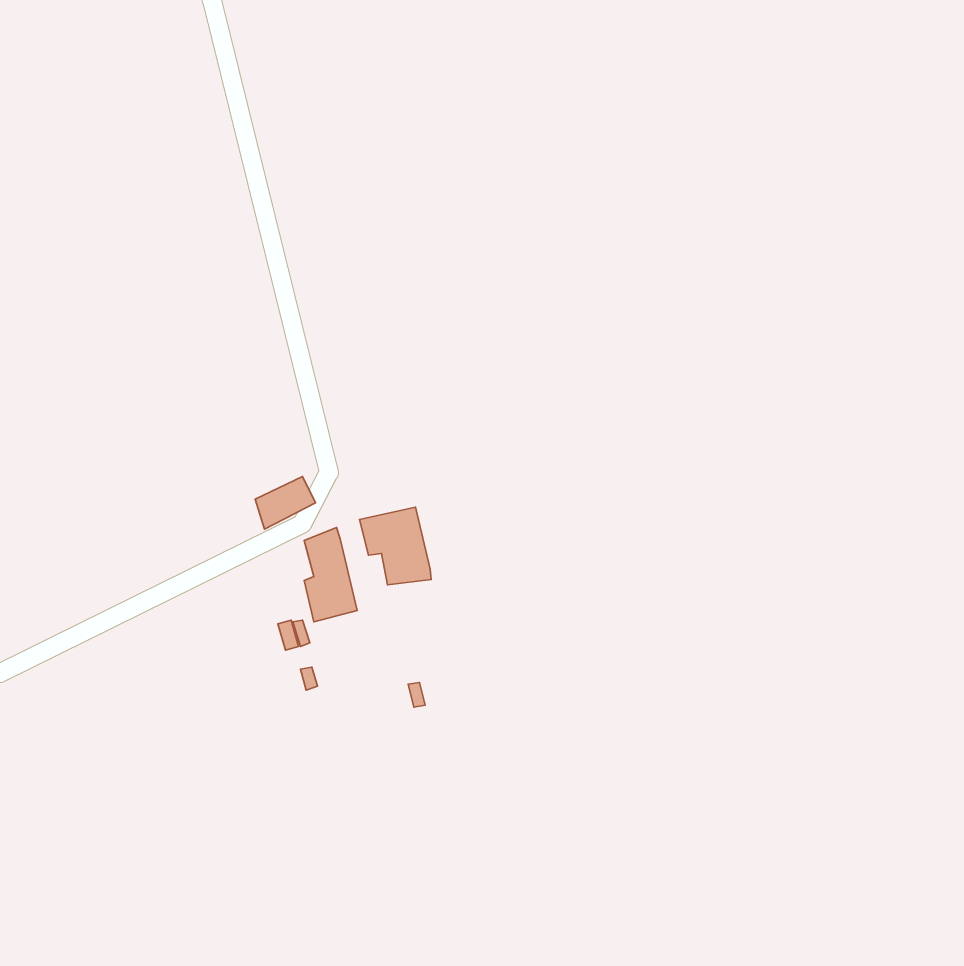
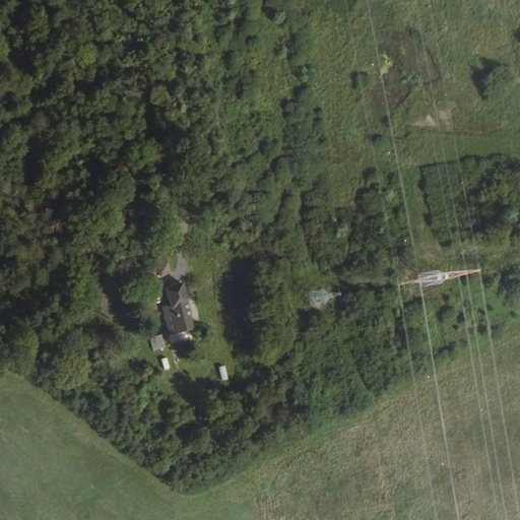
building: [360,507,431,585] -> none

